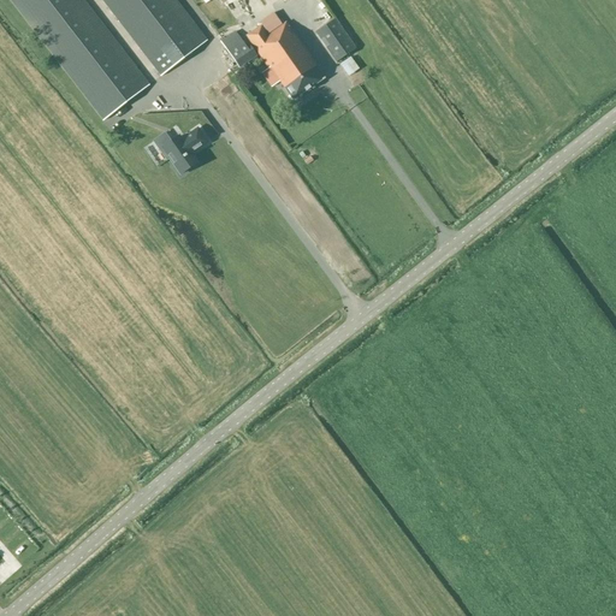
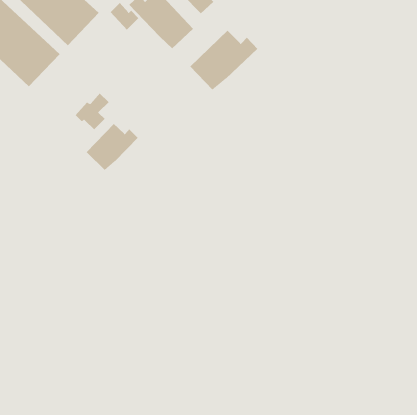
building: none -> [190,30,258,90]
building: none -> [86,123,139,171]

